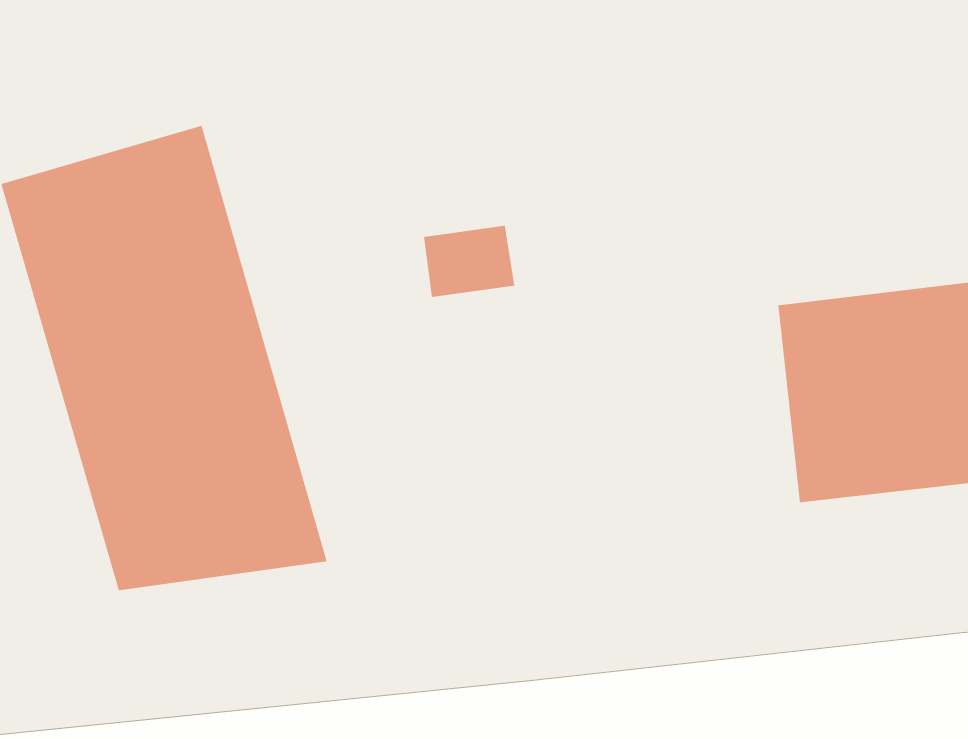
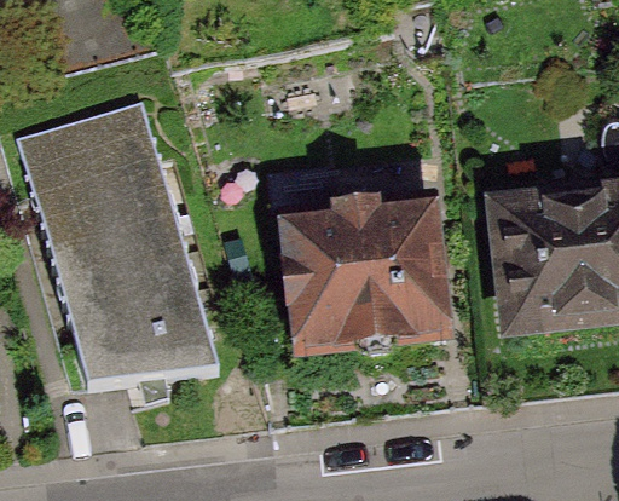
building: none -> [283,197,446,353]

